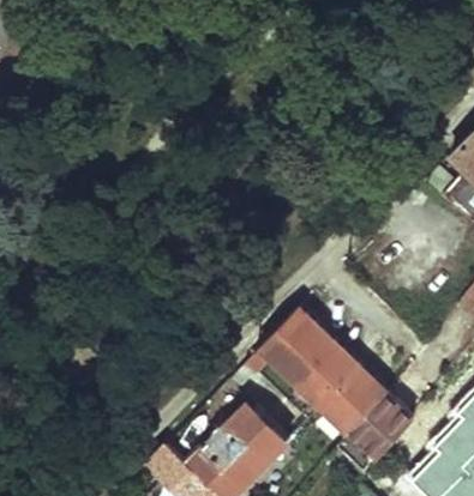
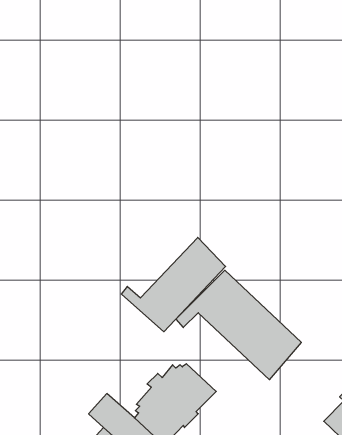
building: none -> [121,237,226,332]
building: [337,388,412,468] -> none

